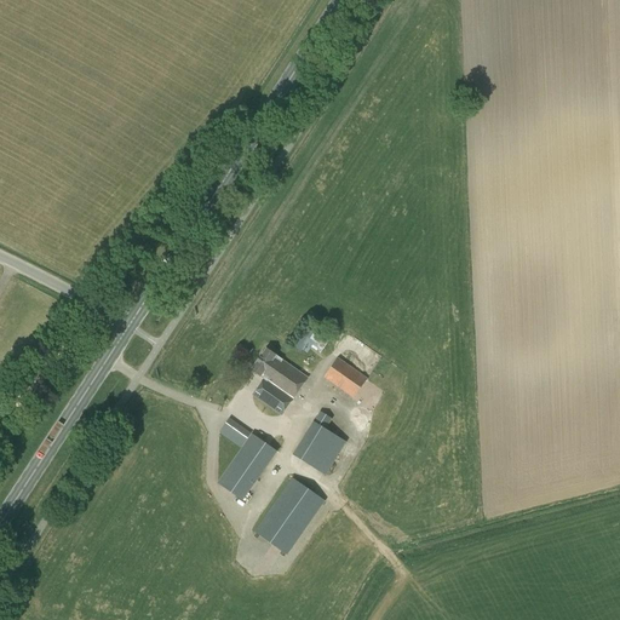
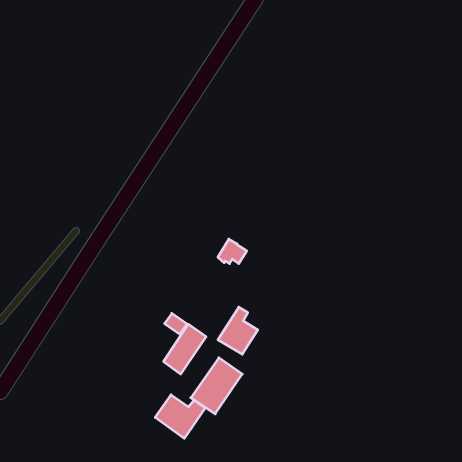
building: [253,349,308,414] -> none
building: [323,356,368,397] -> none
building: none -> [155,395,205,438]

